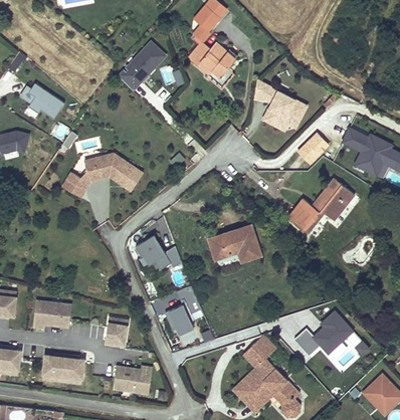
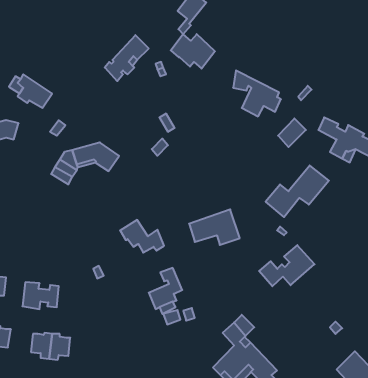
building: [294,312,353,356] -> [259,245,315,286]
building: [105,319,128,346] -> none
building: [113,367,152,395] -> none

